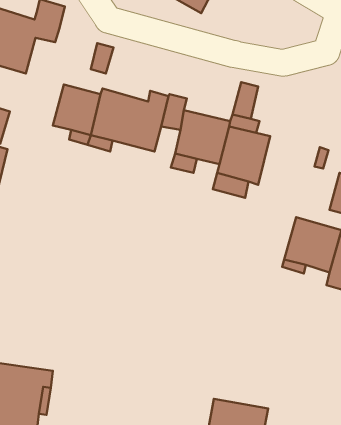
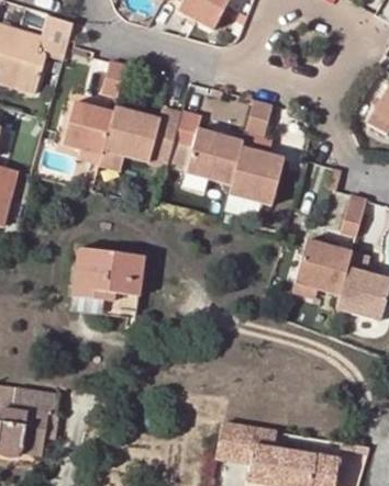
building: none -> [74,247,145,316]

